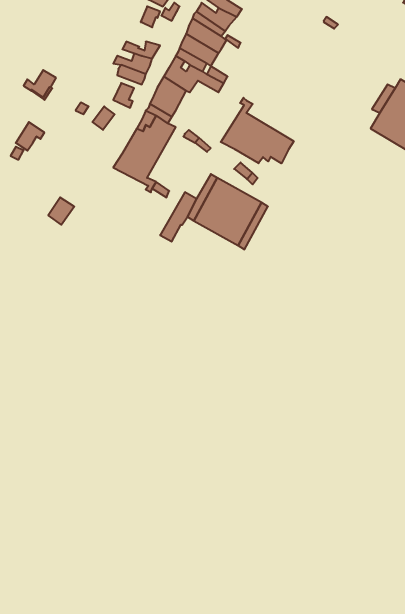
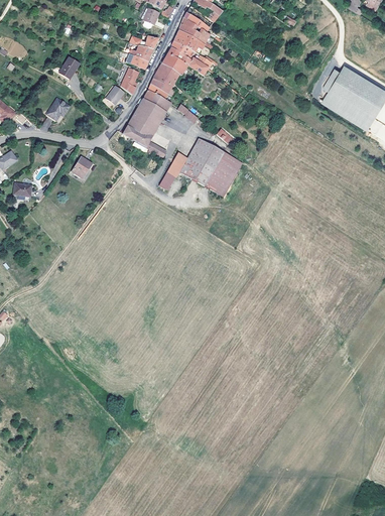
building: [221,98,294,163] -> none

